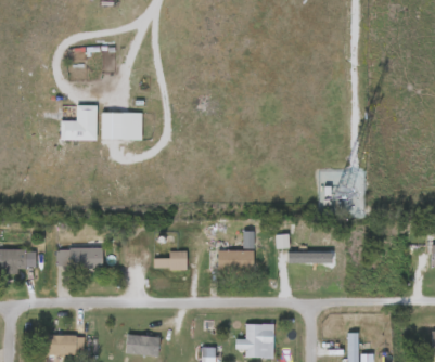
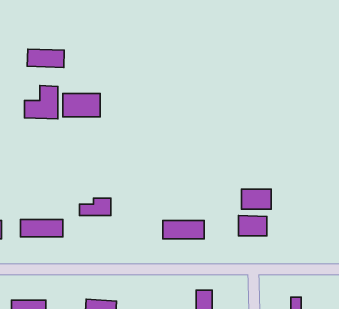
building: none -> [27,49,64,67]
building: none -> [242,189,271,209]
building: [153,251,187,270] -> [79,198,111,215]

